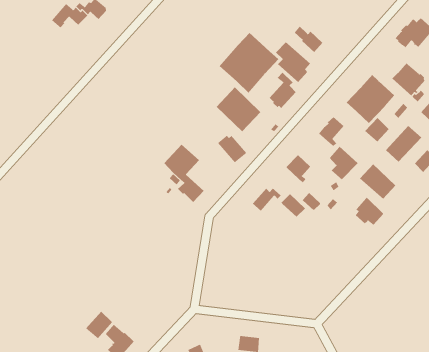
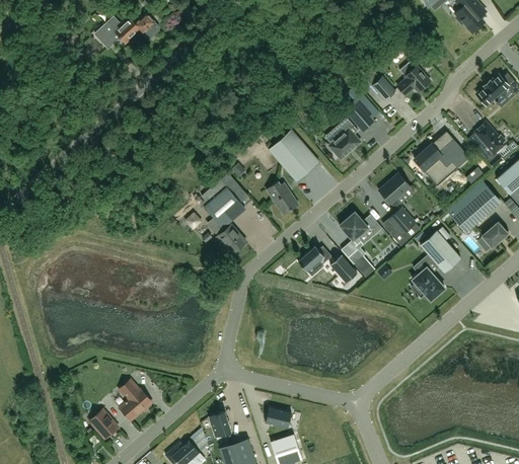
building: none -> [397,66,430,96]
building: [219,32,279,93] -> none
building: [364,117,389,143] -> none
building: [85,311,113,339] -> none

